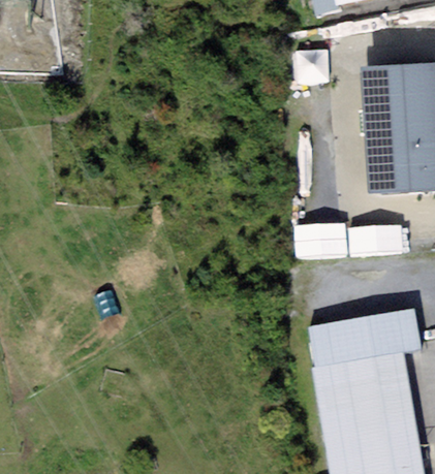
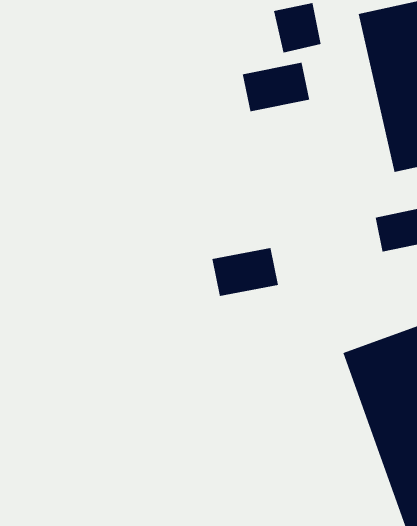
building: none -> [242,62,310,112]
building: [296,223,344,254] -> [212,247,279,296]

